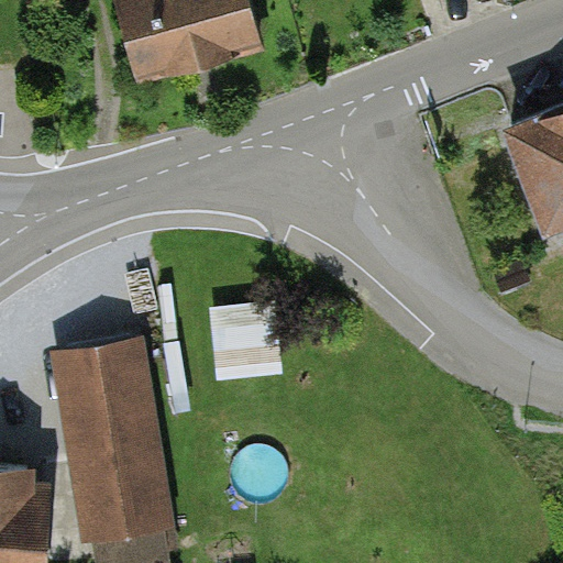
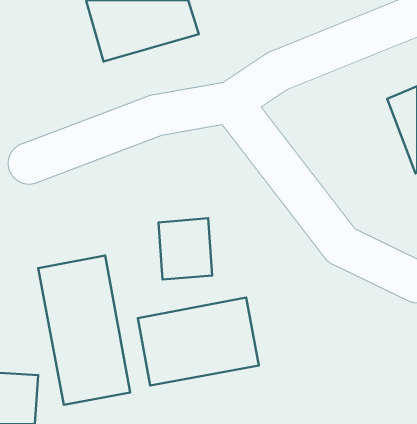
building: none -> [138,298,259,385]

